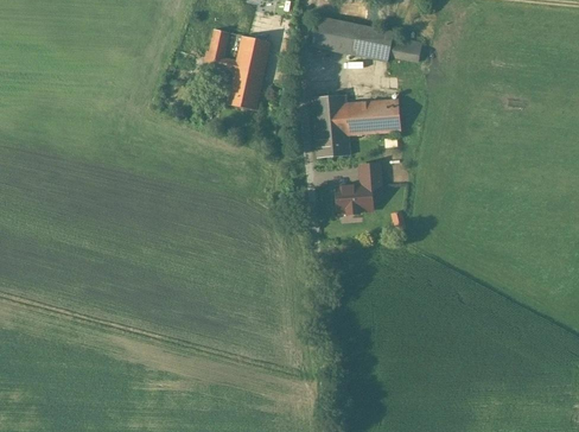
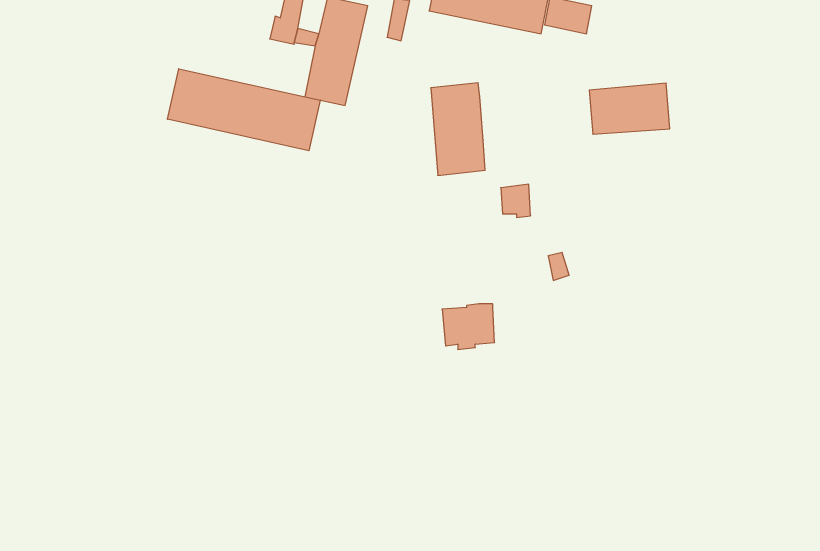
building: none -> [167,69,320,151]
building: [345,99,400,133] -> [589,83,670,134]
building: [336,183,371,214] -> [442,304,495,349]

